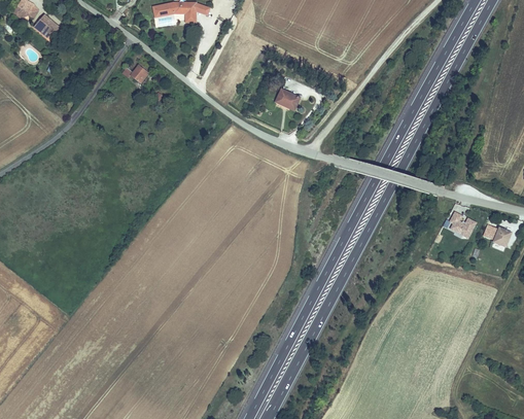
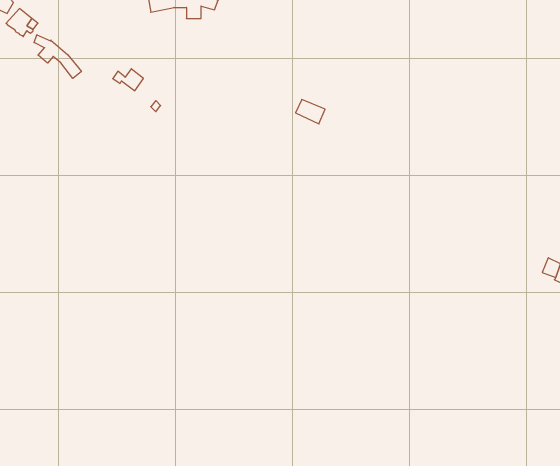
building: none -> [34,35,81,78]
building: [449,210,478,237] -> none

